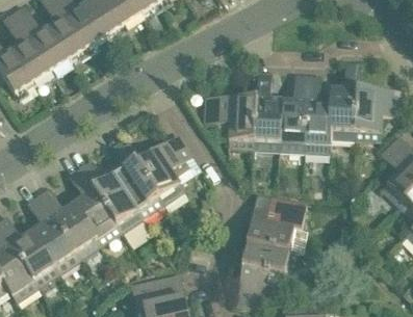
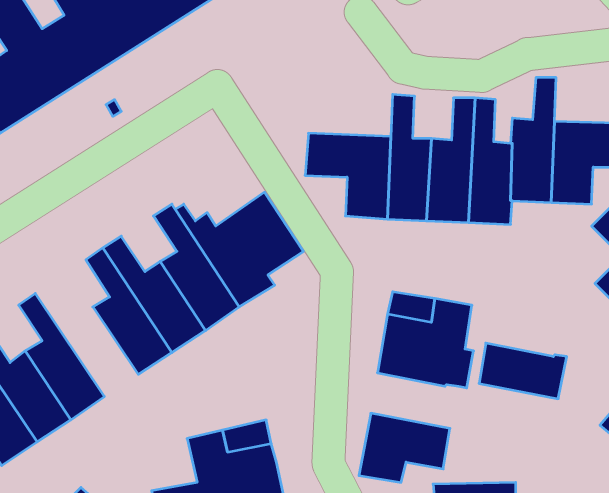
building: [35,185,99,256] -> none
building: [242,241,296,275] -> [479,343,567,399]

